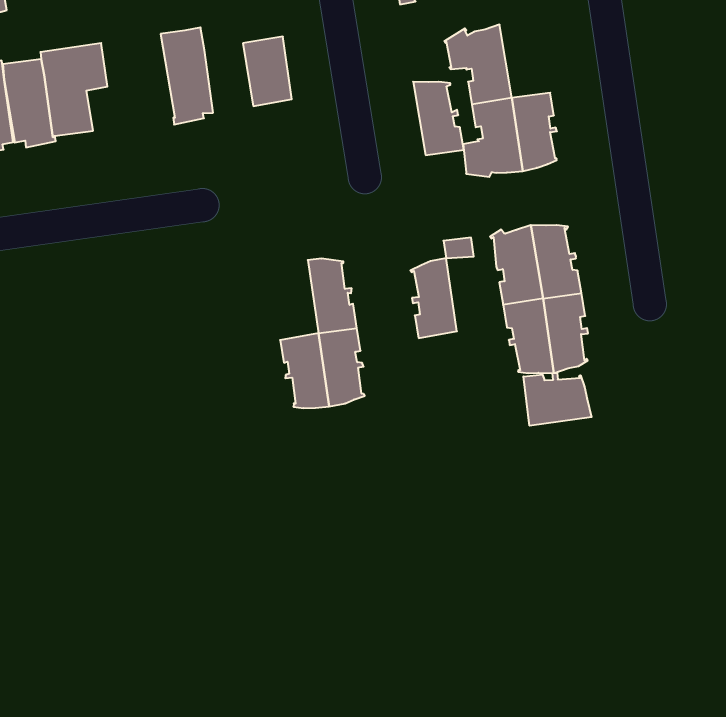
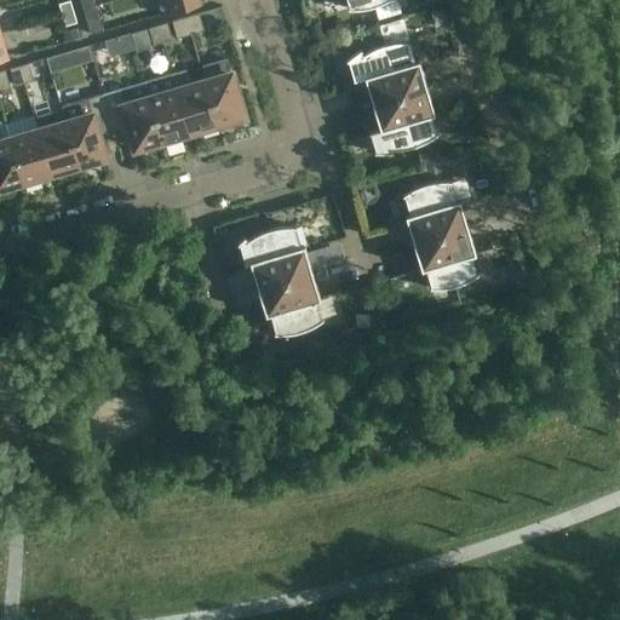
building: none -> [172,69,218,136]
building: none -> [103,84,162,150]
building: [413,82,464,155] -> [384,42,426,96]
building: [410,258,457,338] -> [246,230,285,289]
building: [523,373,592,426] -> none

